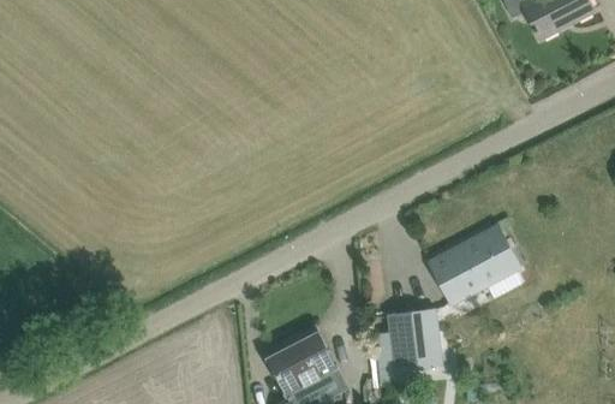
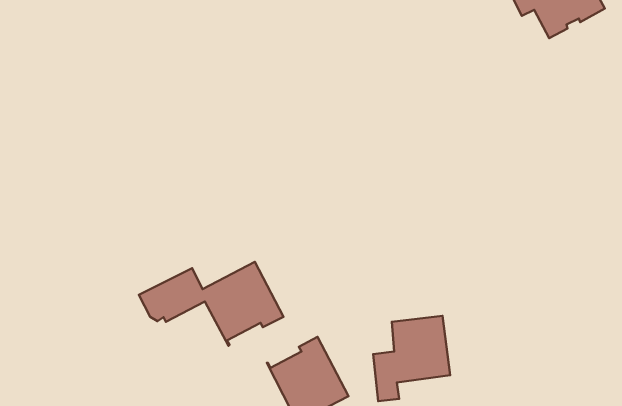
building: [429,226,523,303] -> none
building: none -> [139,262,283,346]

